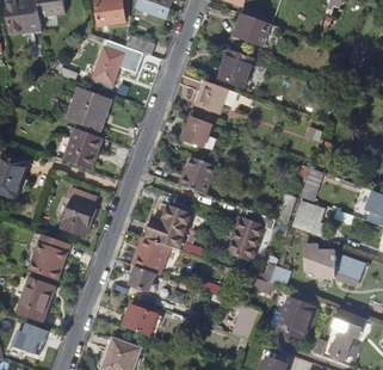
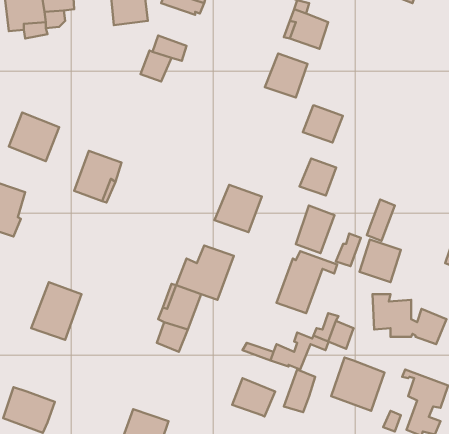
building: [92,39,124,84] -> none
building: [196,80,228,110] -> [303,105,343,142]
building: [68,90,109,129] -> [9,113,59,161]
building: [181,116,211,146] -> [299,159,336,195]
building: none -> [296,205,335,253]
building: [60,184,97,235] -> none
building: [16,278,54,321] -> none
building: [121,304,155,335] -> [232,378,275,417]

